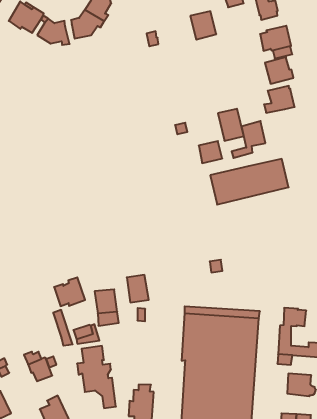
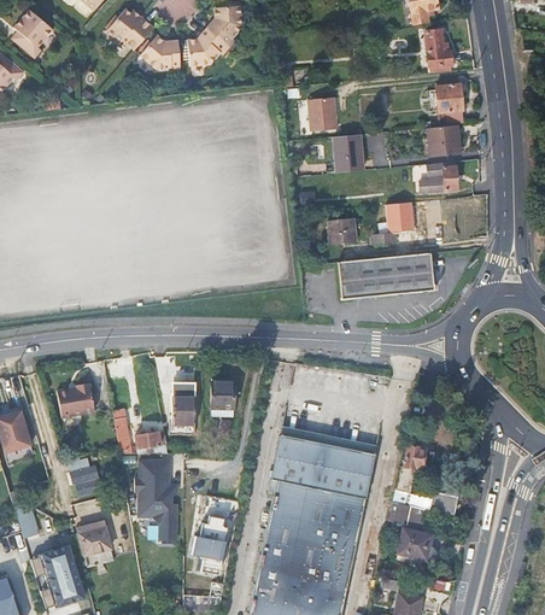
building: [190,11,216,40] -> [307,98,338,131]
building: [218,109,244,141] -> [335,134,364,172]
building: [54,277,85,306] -> [58,380,95,415]

